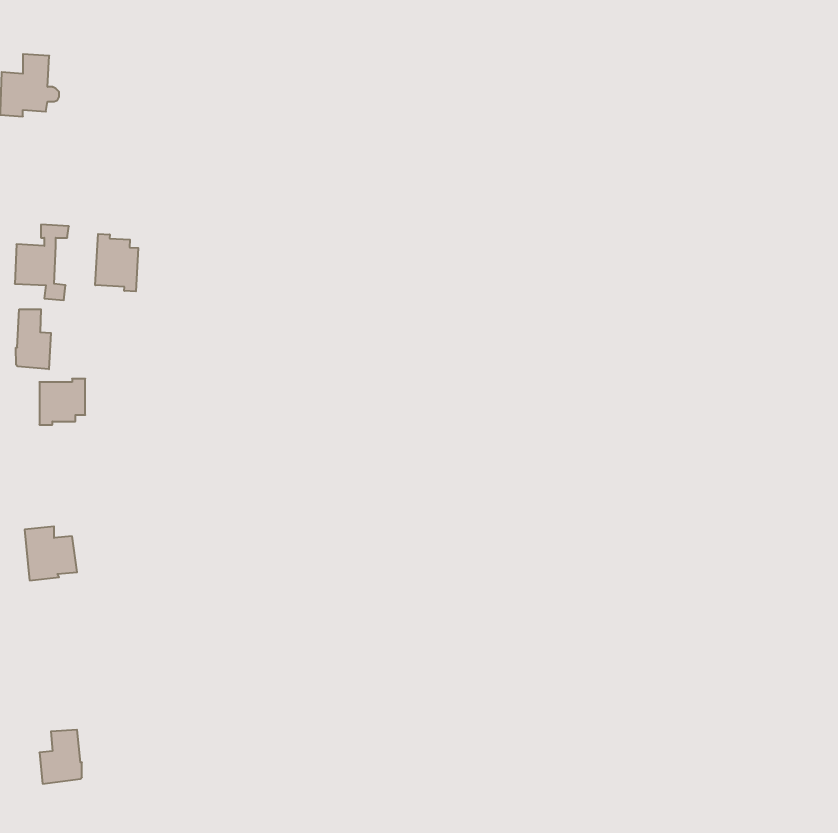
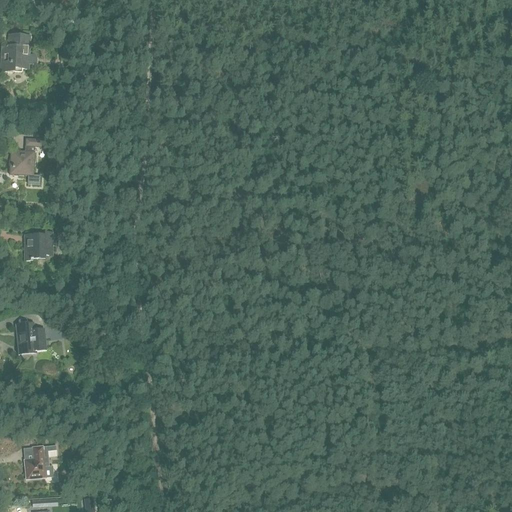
building: [95,234,138,291] -> none
building: [16,309,51,369] -> none

